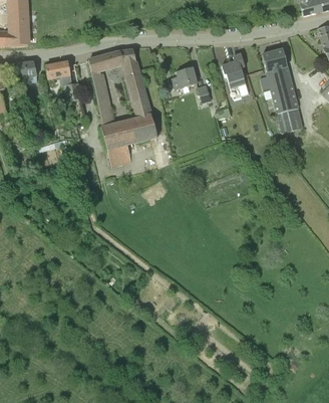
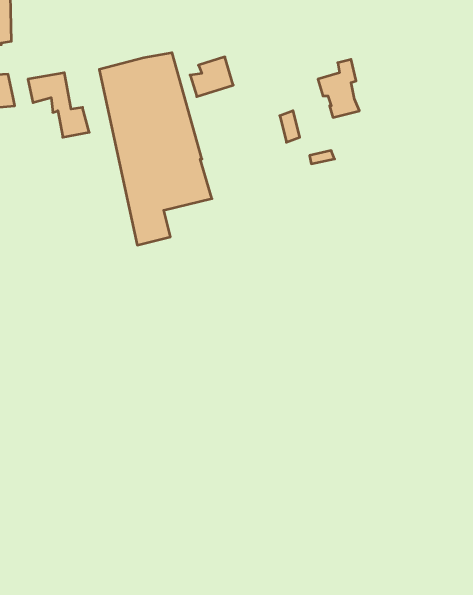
building: [262,47,302,132] -> none
building: [171,65,197,89] -> [190,57,233,97]

